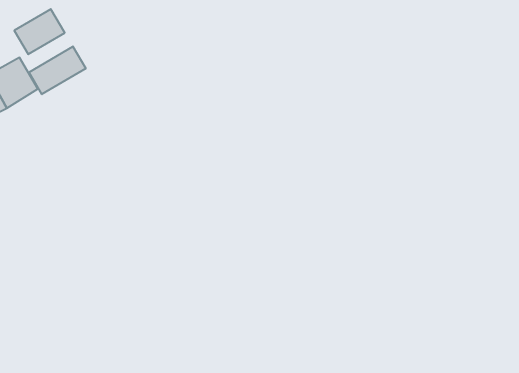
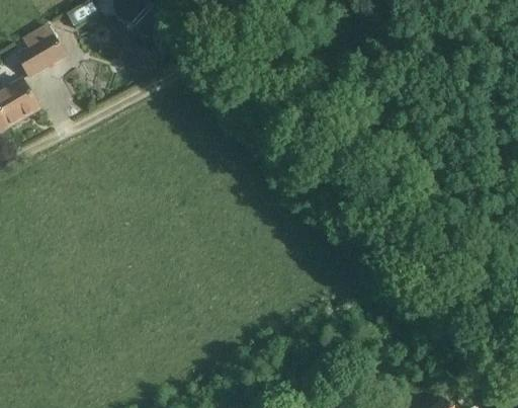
building: [29,46,86,94] -> none

